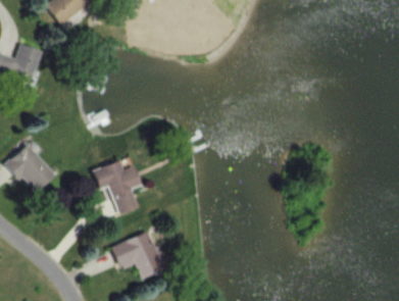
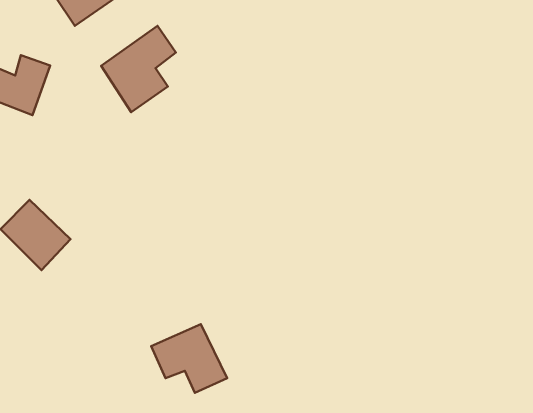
building: none -> [101,26,176,112]
building: [93,159,143,214] -> none

